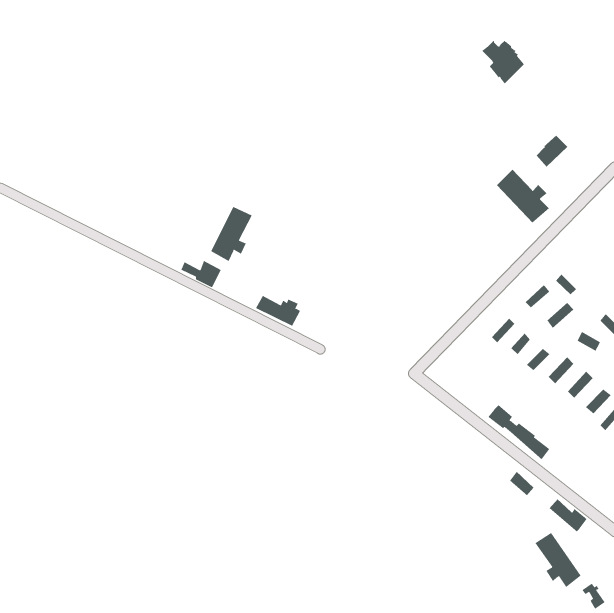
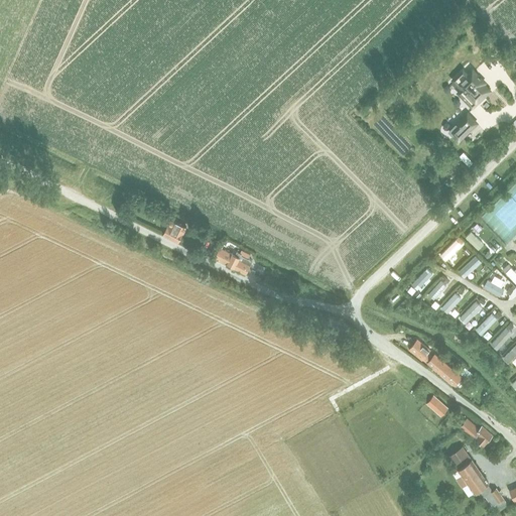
building: [482,40,525,85] -> [454,72,490,109]
building: [496,169,550,224] -> none
building: [210,206,252,262] -> none

